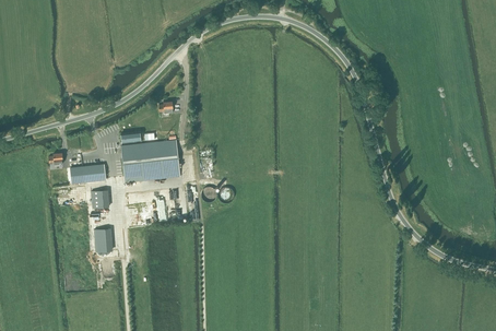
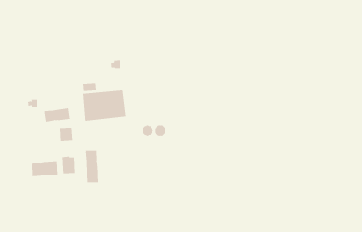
building: none -> [85,150,99,183]
building: none -> [31,161,58,177]

